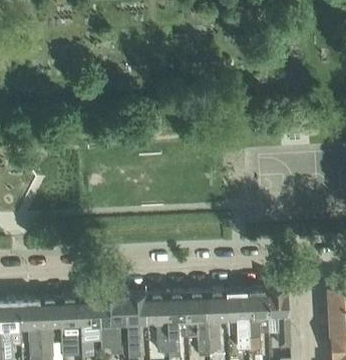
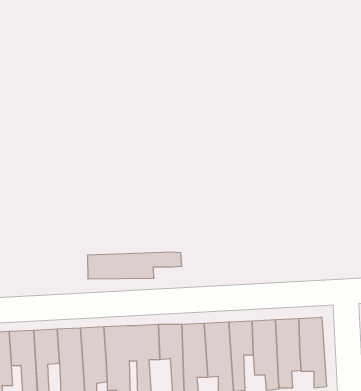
building: none -> [88,252,182,279]

